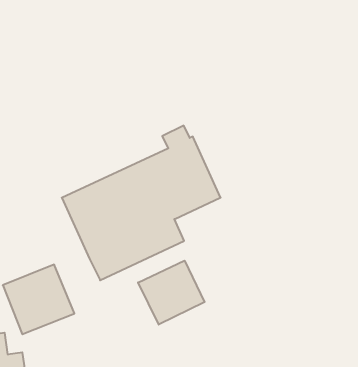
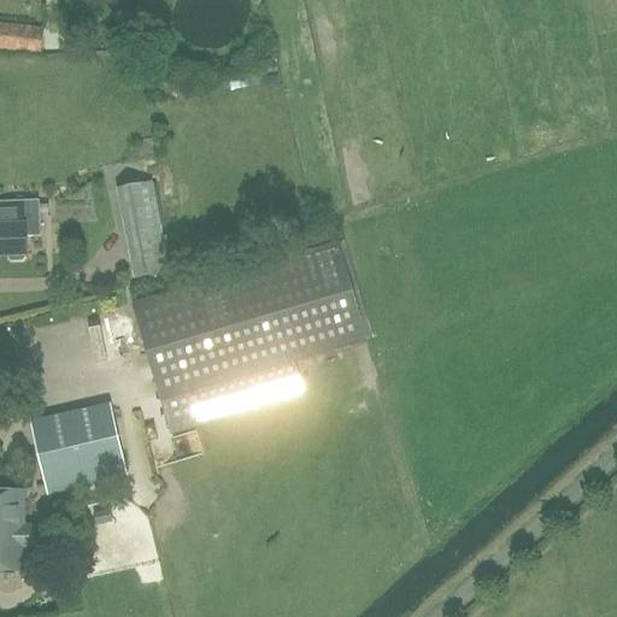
building: none -> [113,178,169,275]
building: [138,261,205,325] -> none

